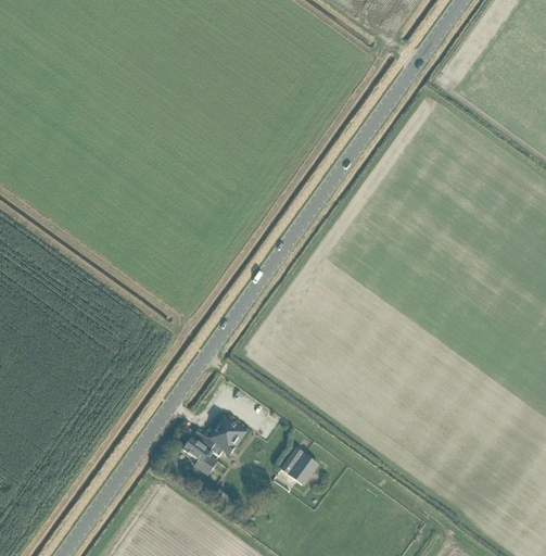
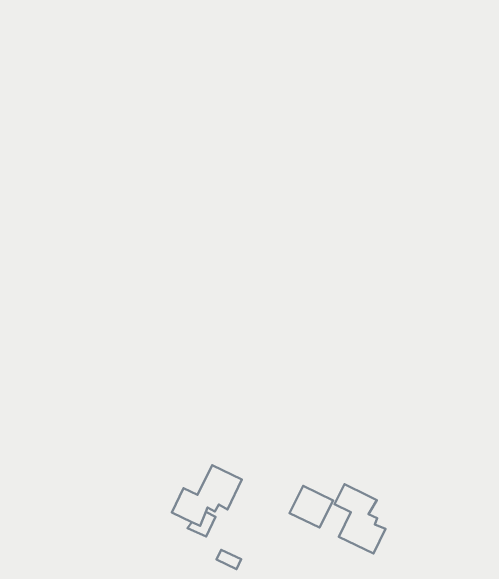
building: none -> [335,484,385,554]

